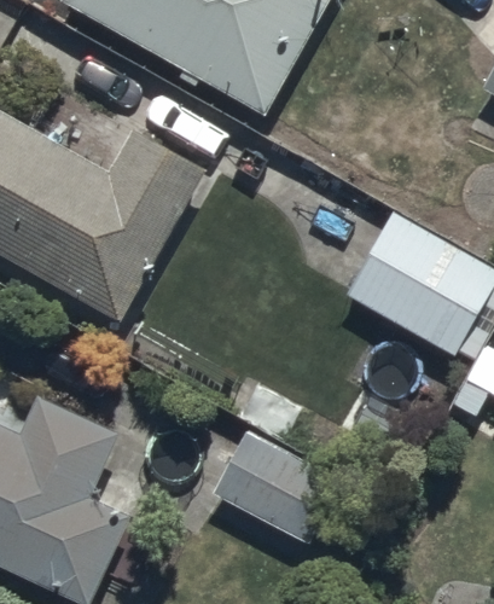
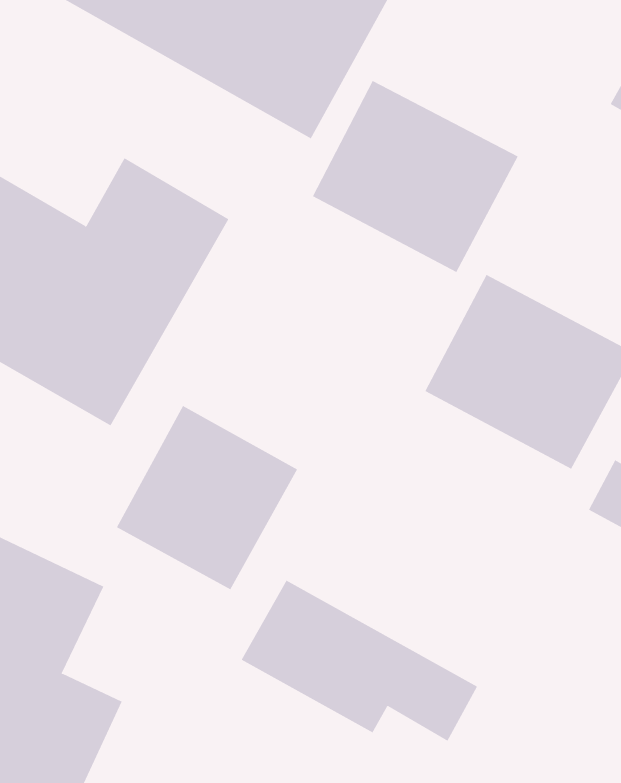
building: none -> [312,80,519,273]
building: none -> [116,405,298,590]

